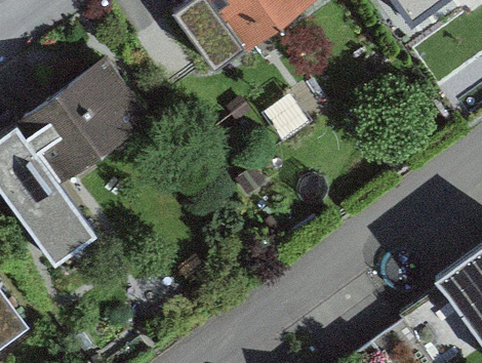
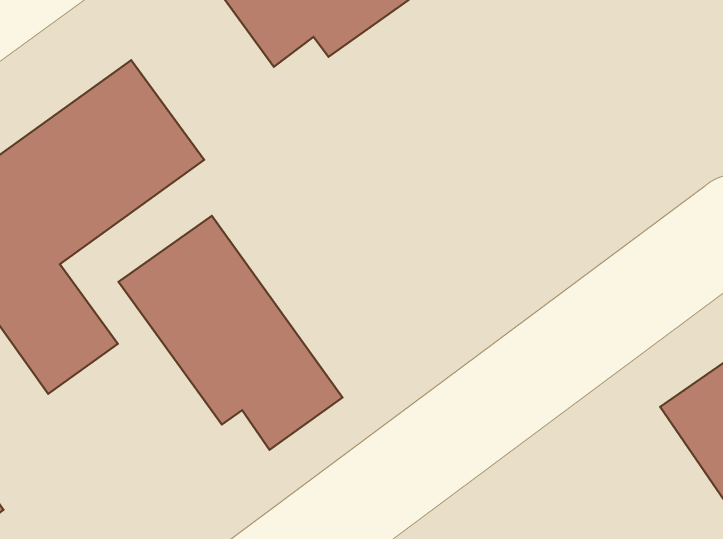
building: none -> [118,216,342,450]

